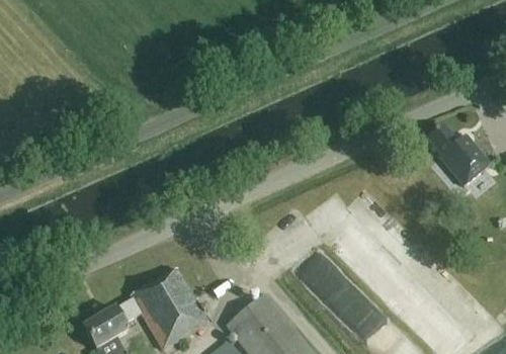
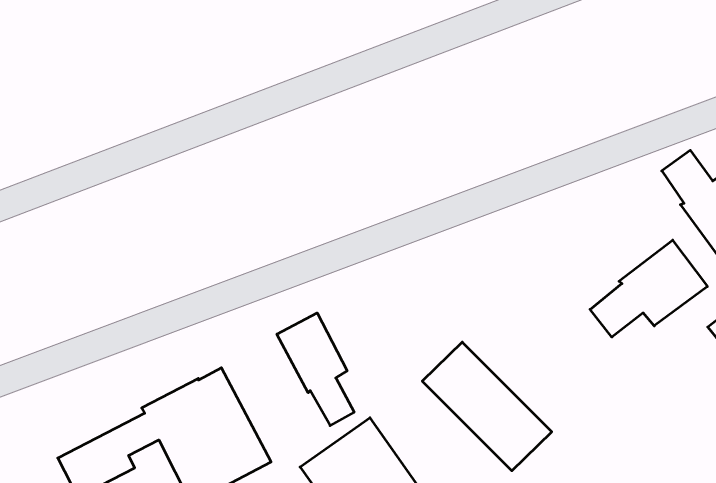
building: none -> [590,240,707,337]
building: none -> [277,313,354,426]

